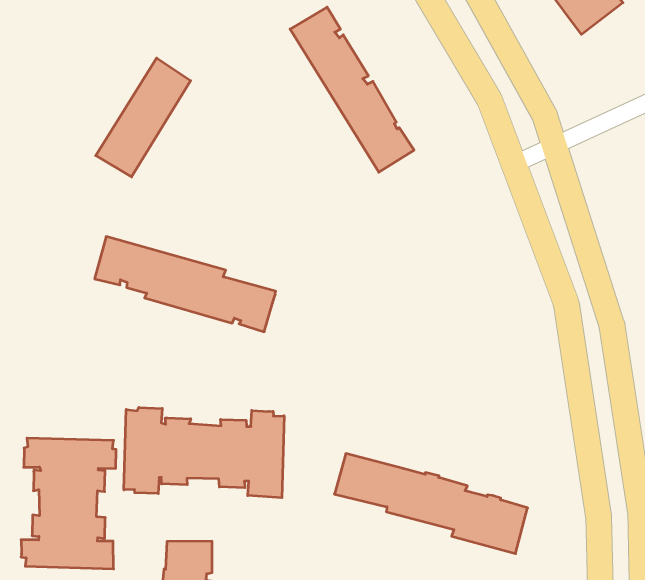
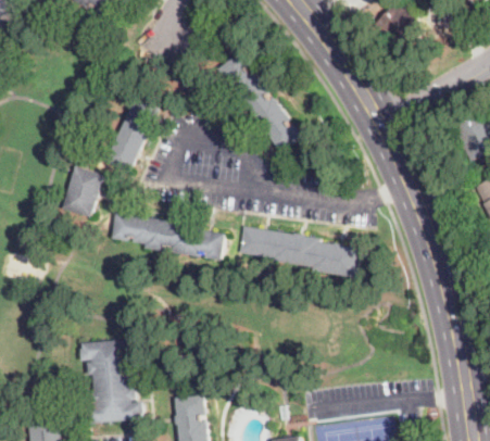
building: none -> [61,165,102,216]
building: [124,407,284,498] -> none
building: [334,454,528,554] -> [238,226,360,277]

